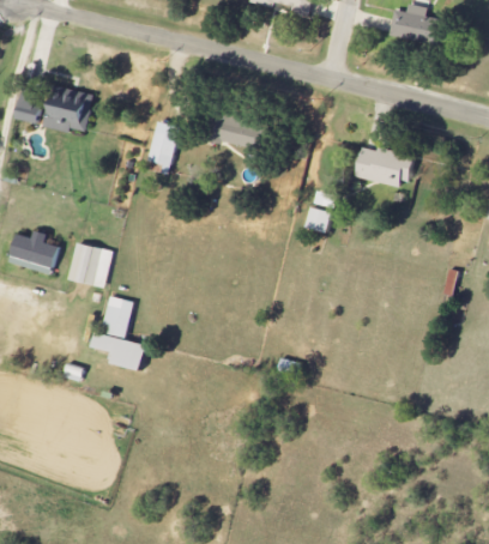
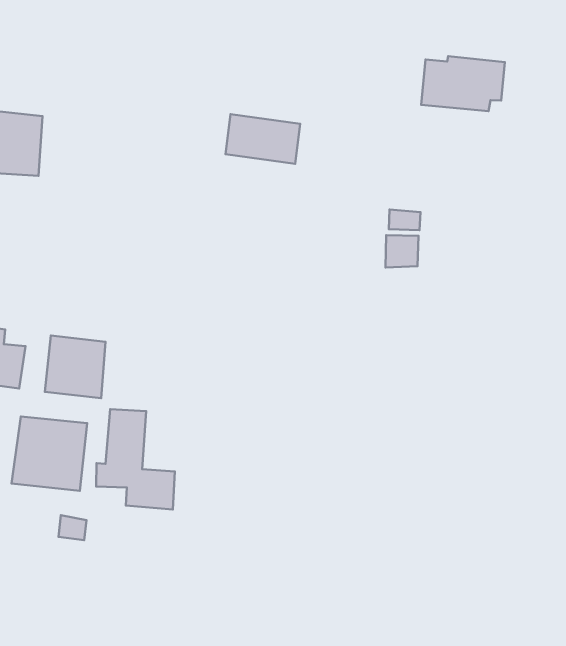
building: [146,121,180,175] -> none
building: [355,146,415,187] -> [421,56,505,111]
building: none -> [11,416,87,491]

